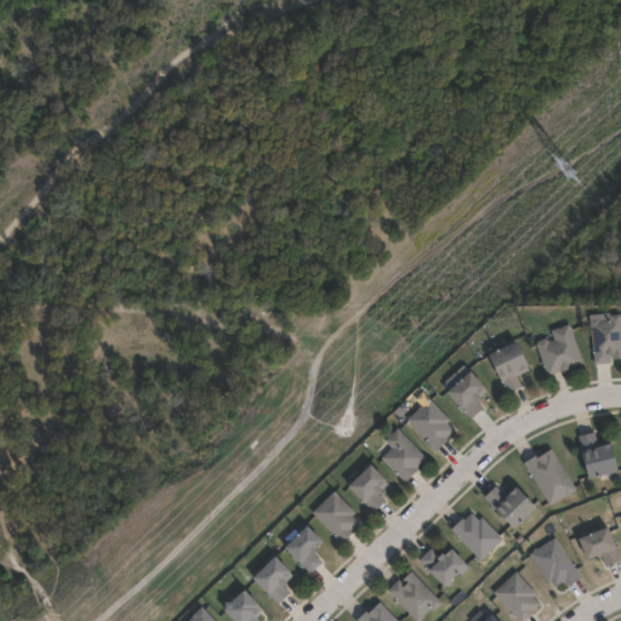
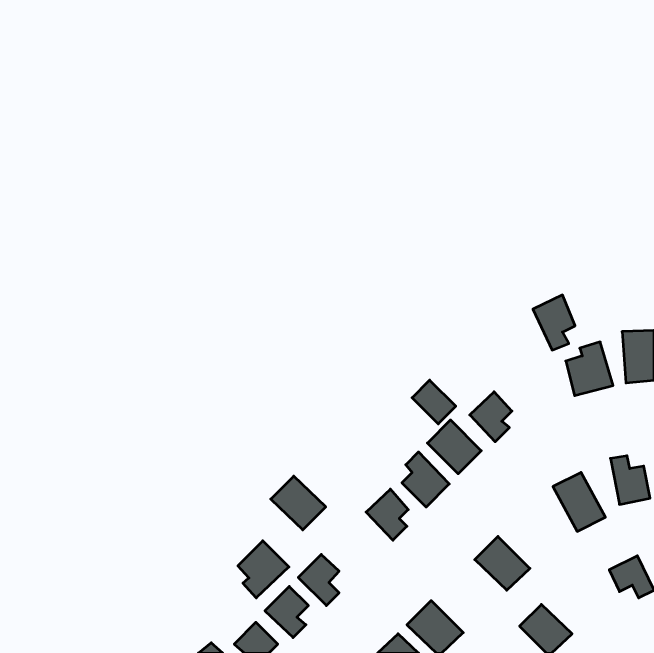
building: [488,341,528,393] -> [533,295,575,350]
building: none -> [412,380,456,424]
building: [483,485,535,528] -> none
building: [310,491,363,542] -> [271,476,326,530]
building: none -> [238,541,289,598]
building: [529,537,580,593] -> none
building: [417,547,467,587] -> none

